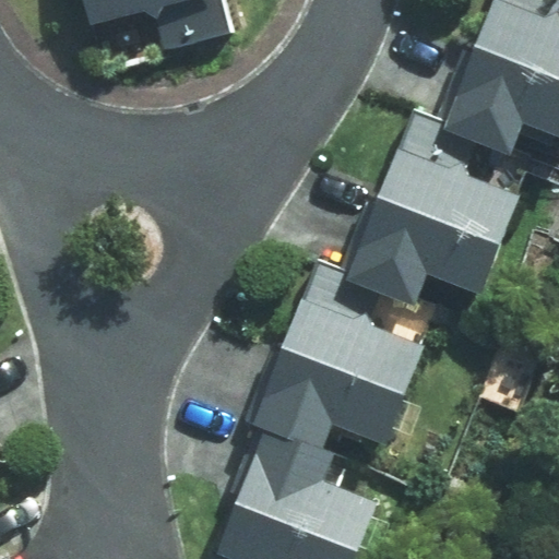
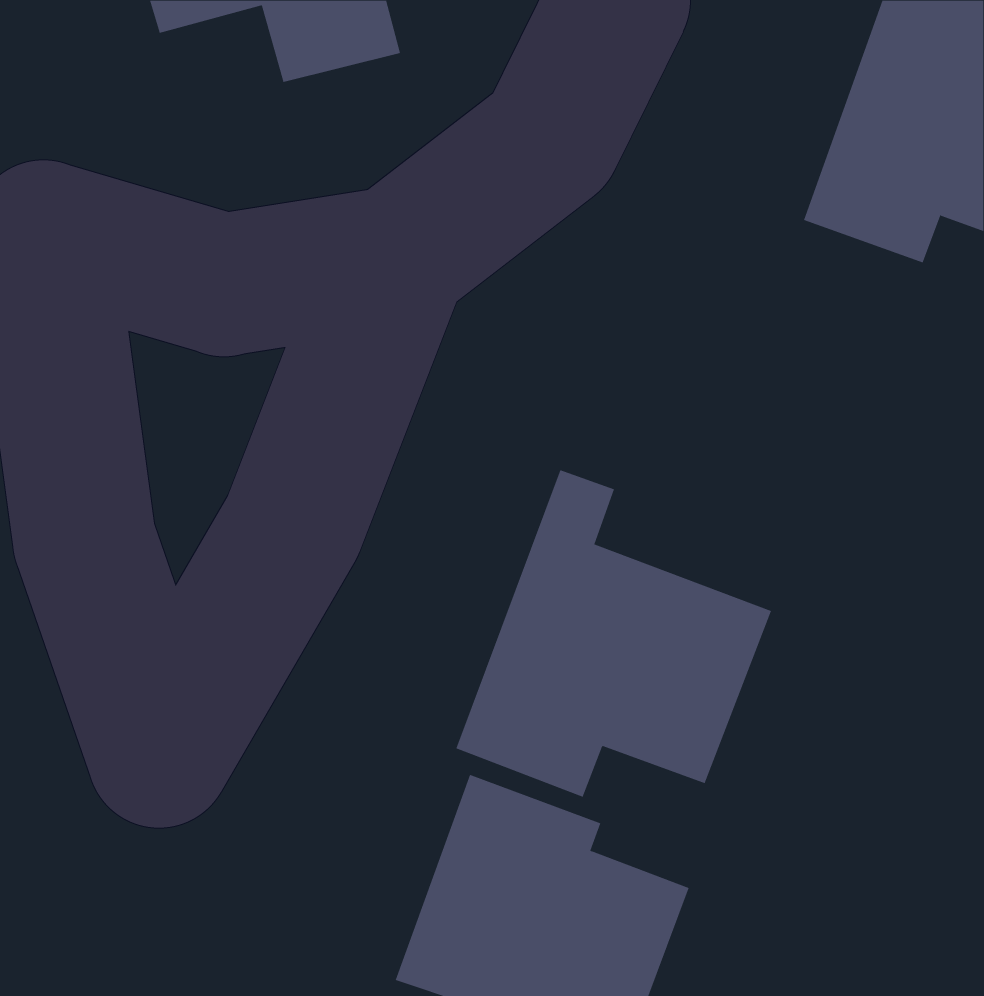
building: [347,116,523,306] -> none

